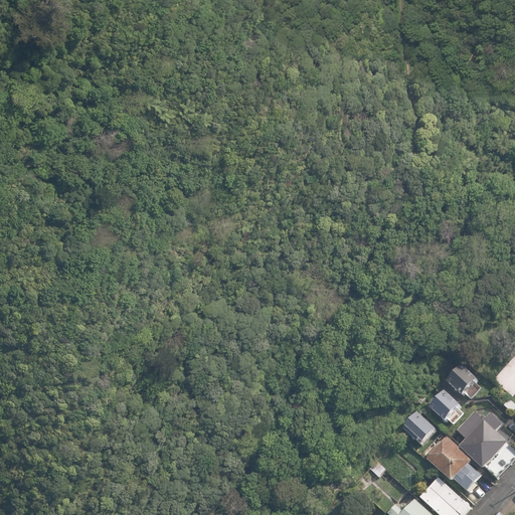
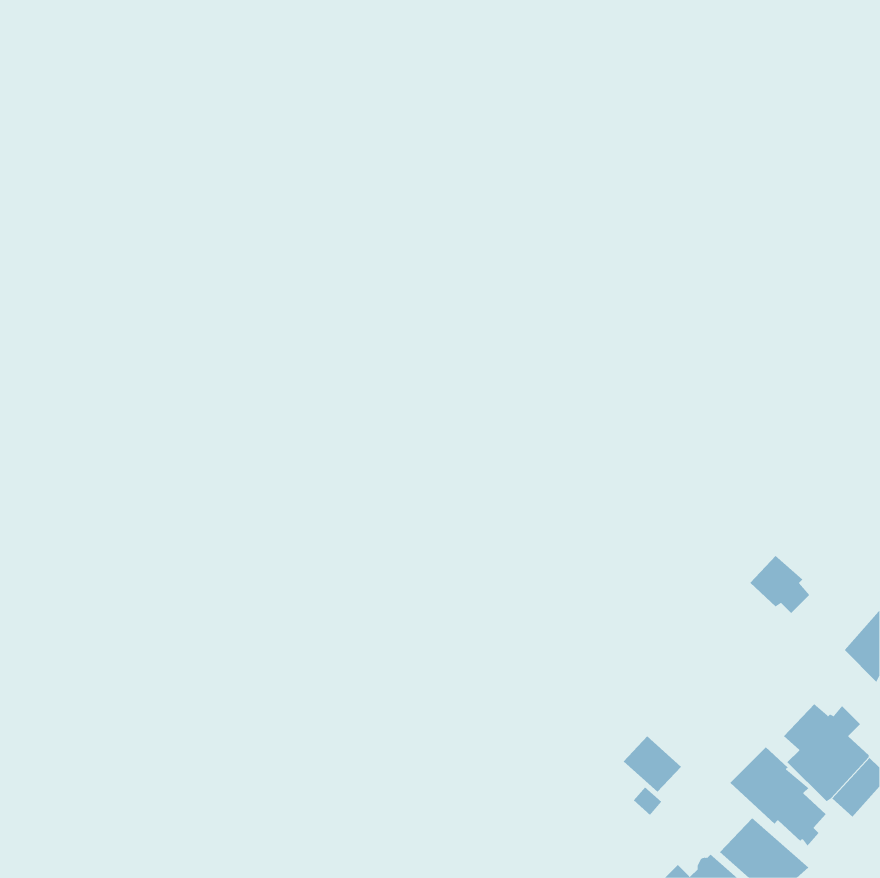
building: [446,364,481,398] -> [750,555,810,614]
building: [428,390,464,424] -> none
building: [402,411,437,445] -> [623,736,682,793]

